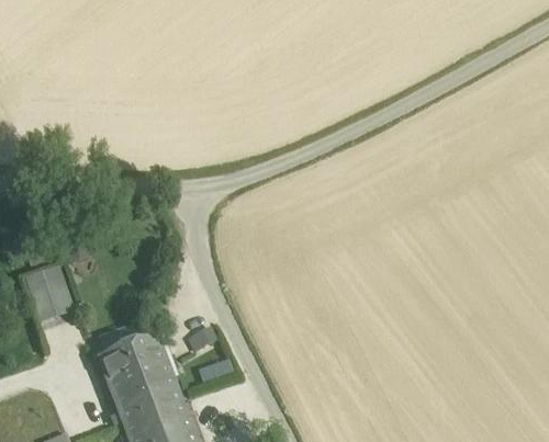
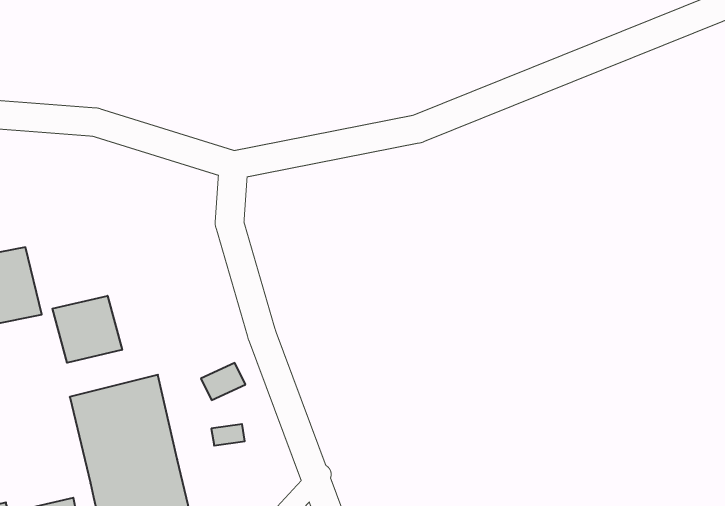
building: none -> [52,296,122,363]

